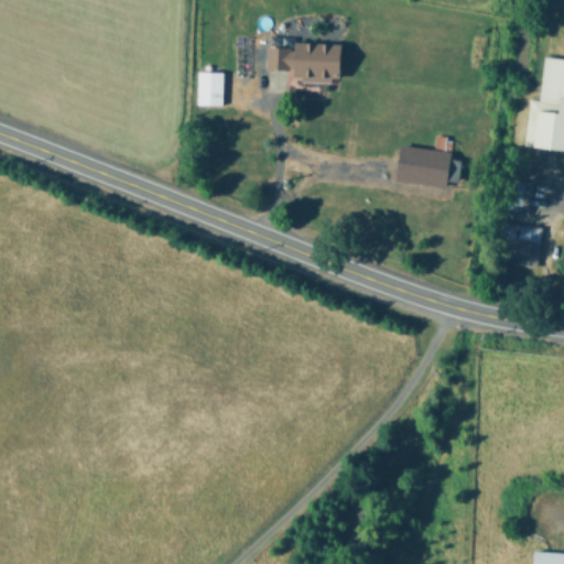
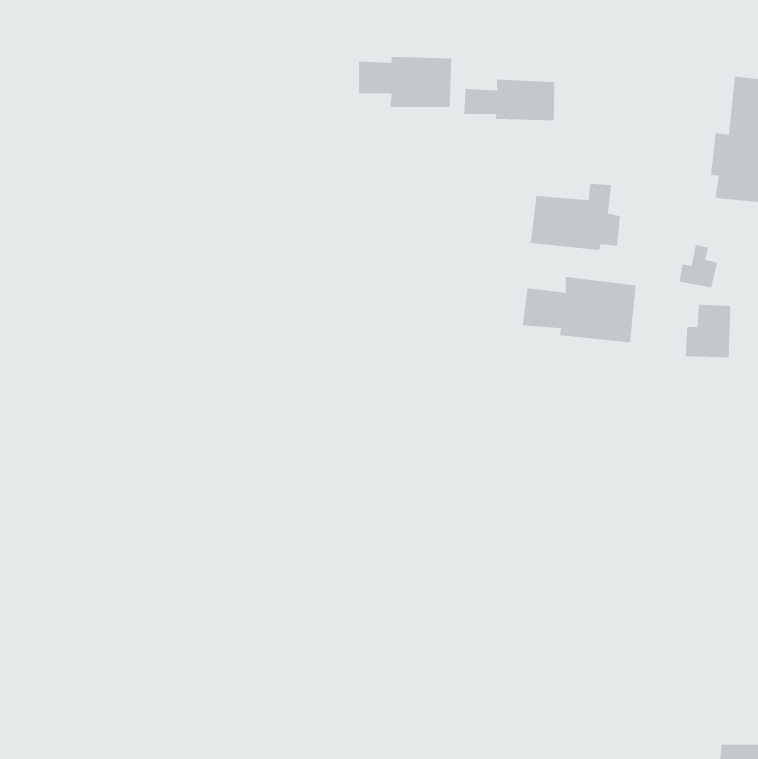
building: none -> [464,79,555,121]
building: [198,74,224,107] -> none
building: none -> [522,276,636,343]

